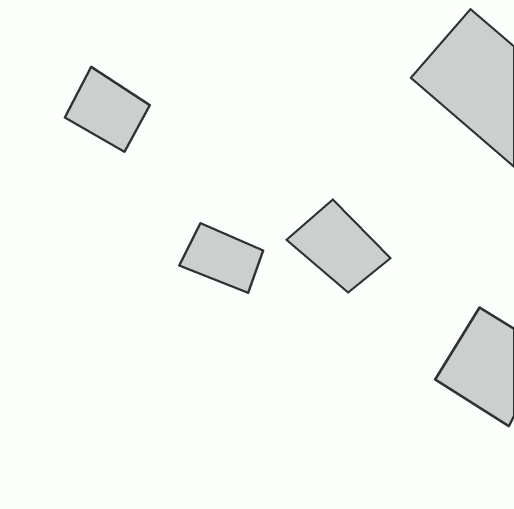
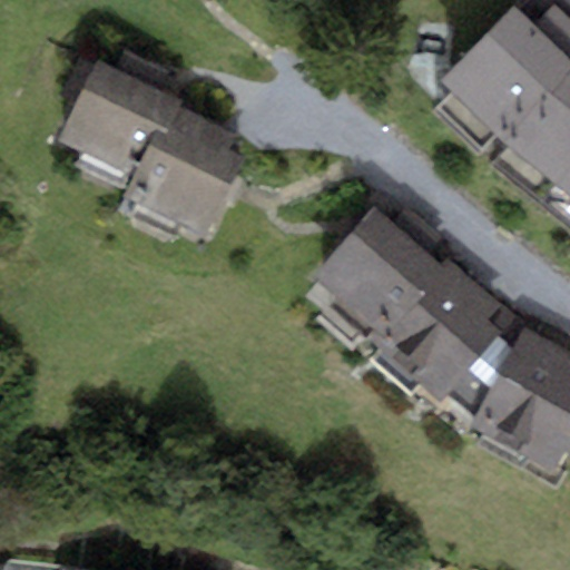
building: [179,223,263,293] -> [142,142,235,219]
building: none -> [381,286,491,386]

